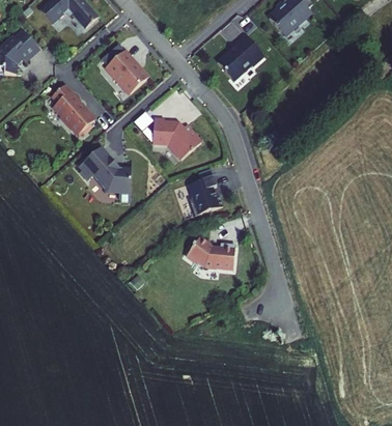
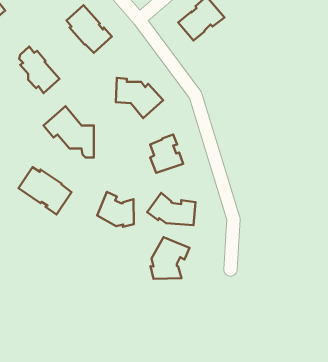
building: none -> [18,167,71,214]
building: none -> [97,192,134,227]
building: none -> [151,237,190,279]

